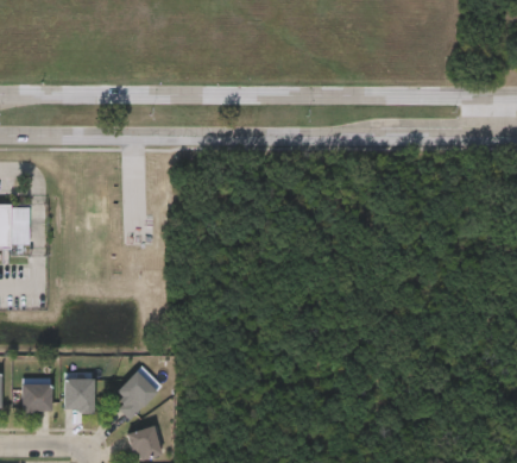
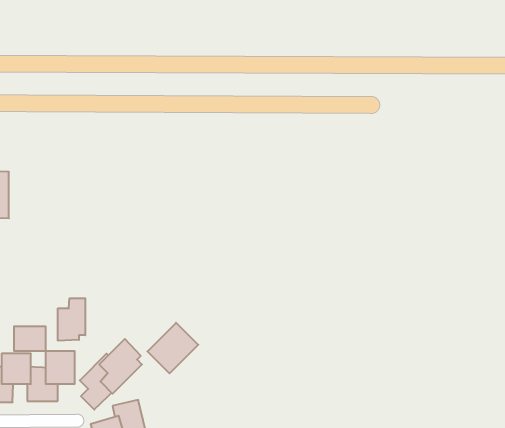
building: none -> [58,298,85,341]
building: none -> [147,323,198,373]
building: none -> [14,326,46,351]

